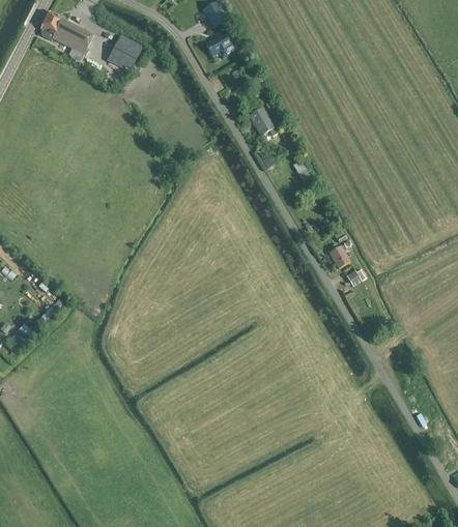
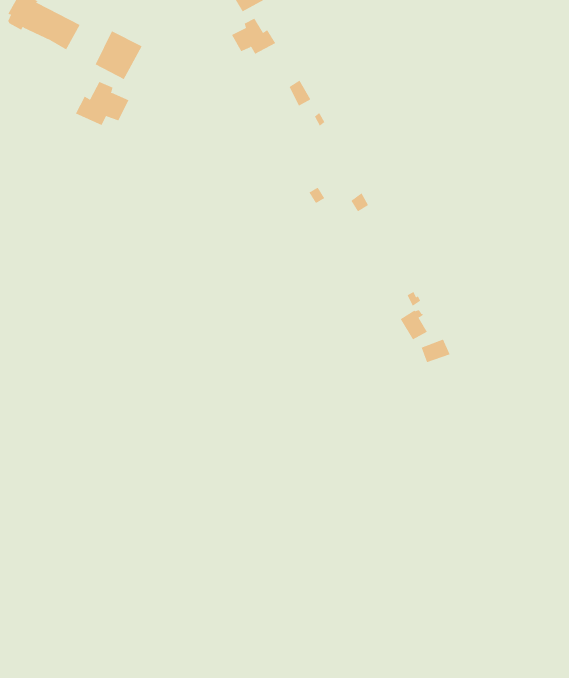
building: none -> [75,81,129,126]
building: [249,108,278,135] -> none

